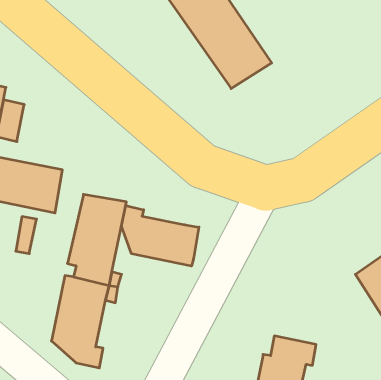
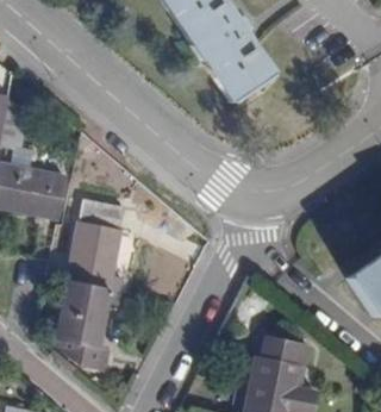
building: [122,206,199,266] -> none

